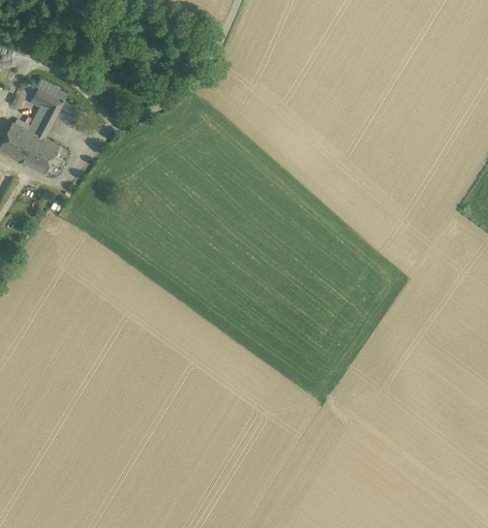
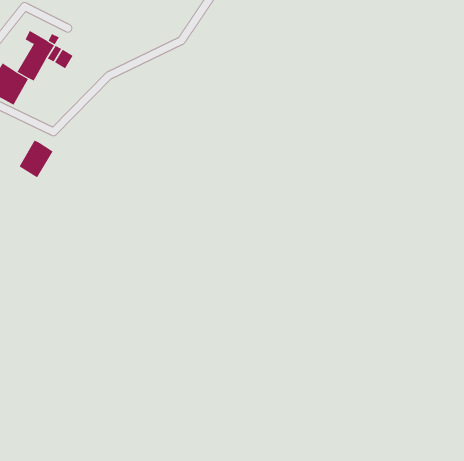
building: [26,136,59,174] -> [19,140,54,178]

